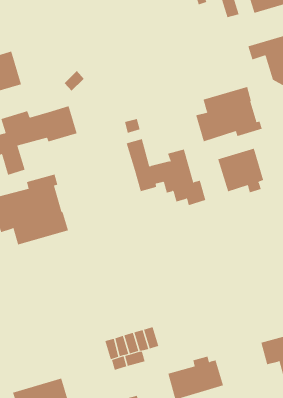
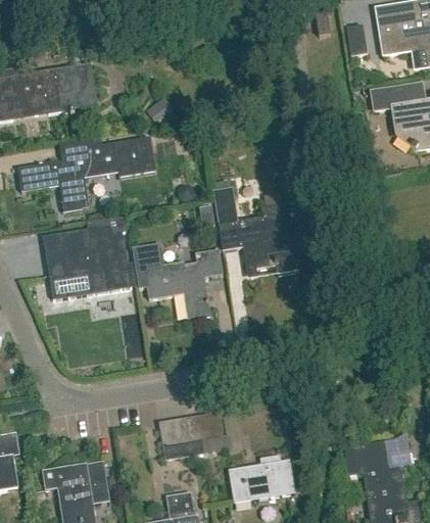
building: [196,86,262,142] -> none
building: [217,148,264,193] -> none
building: none -> [133,242,223,317]

